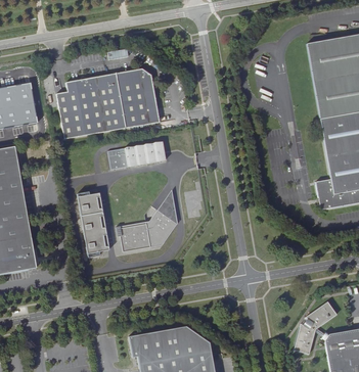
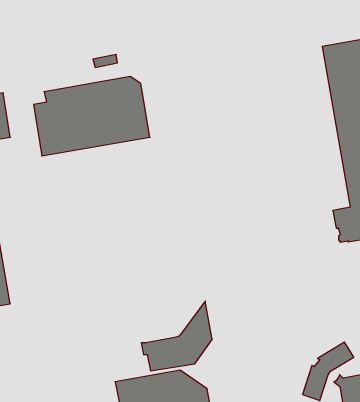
building: [107,140,165,170] -> none
building: [115,190,177,251] -> [141,301,212,371]
building: [76,192,108,259] -> none

